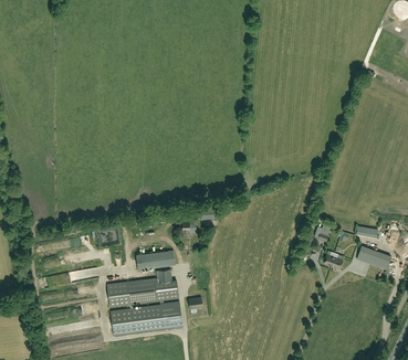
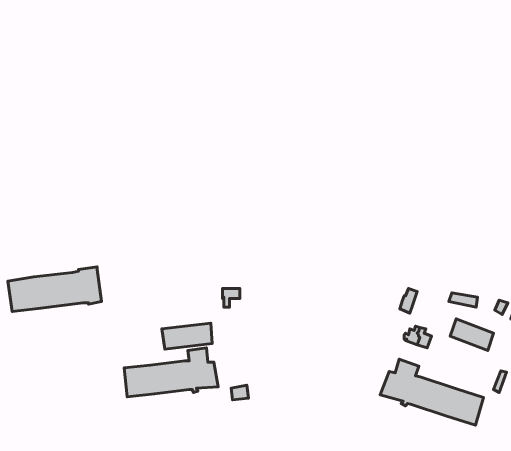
building: none -> [380,359,484,425]
building: [109,300,181,335] -> [8,267,101,312]

